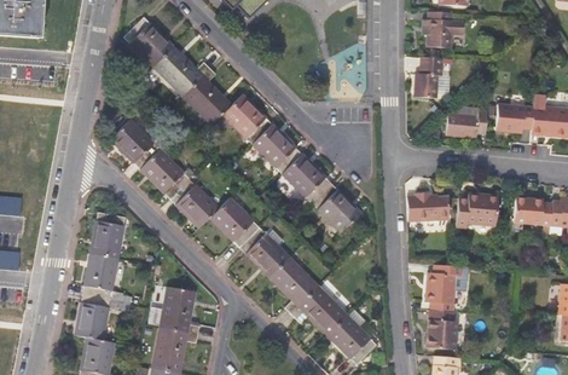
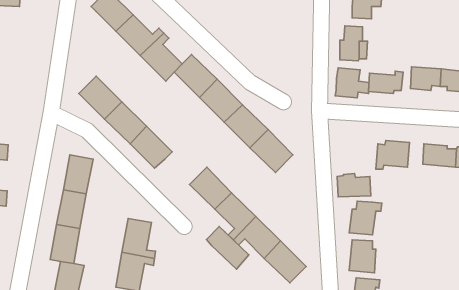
building: none -> [335,68,369,98]
building: [407,190,447,218] -> [337,173,371,197]
building: [208,194,257,244] -> none
building: none -> [206,226,249,269]

